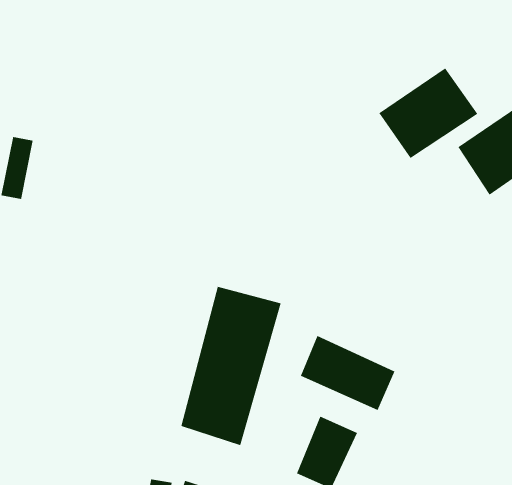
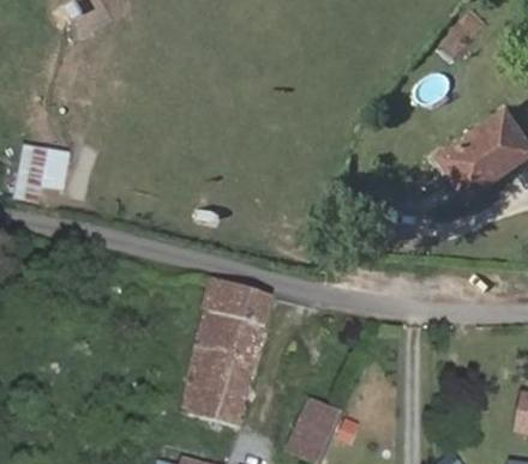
building: [379,68,478,159] -> none
building: [300,335,395,411] -> none

